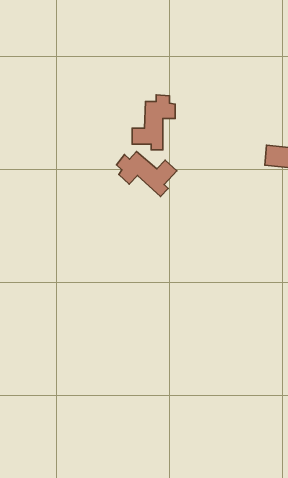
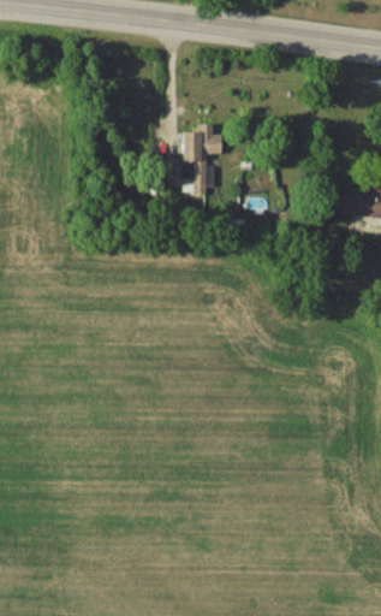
building: [116,152,177,197] -> none

